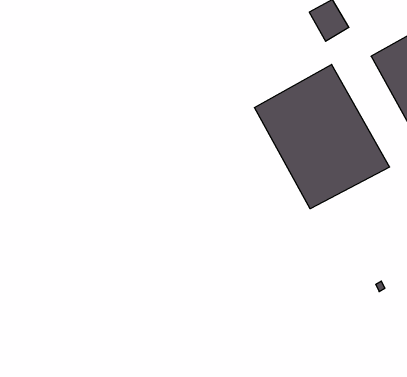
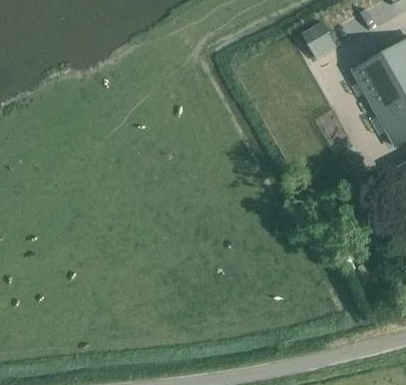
building: [254,64,390,209] -> none

